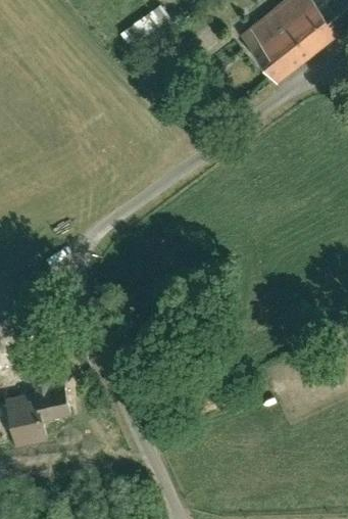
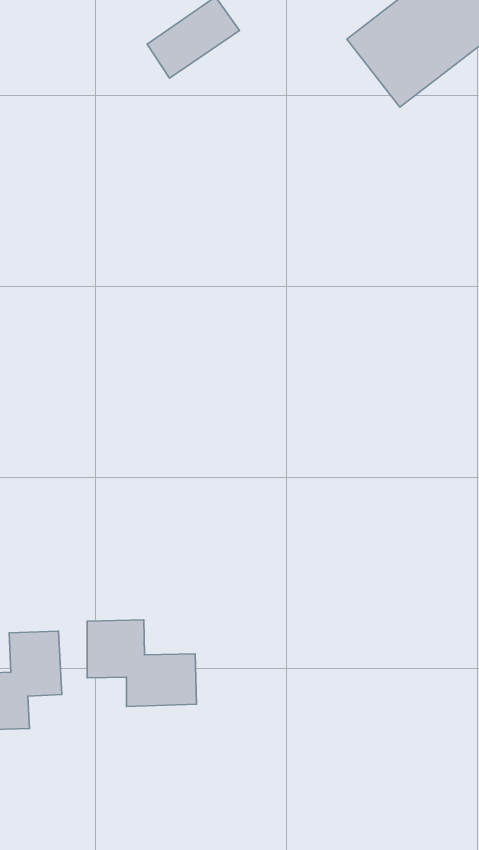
building: none -> [87,620,197,706]

